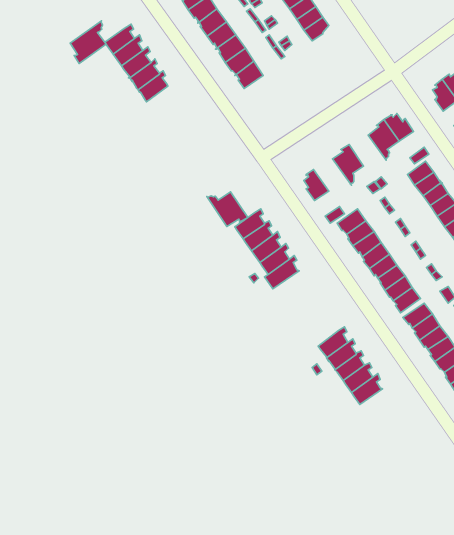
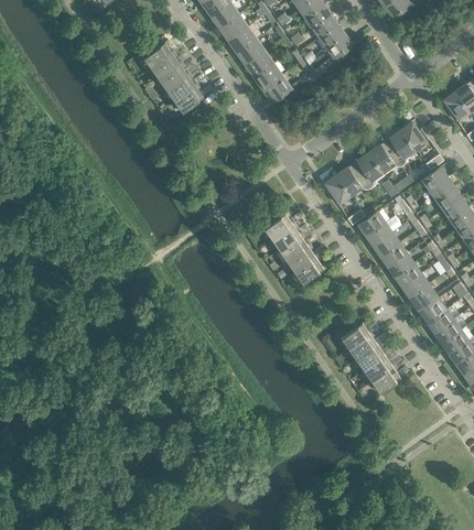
building: [70,21,106,63] -> none
building: none -> [368,143,402,172]
building: none -> [335,165,370,195]
building: [207,192,248,227] -> none

